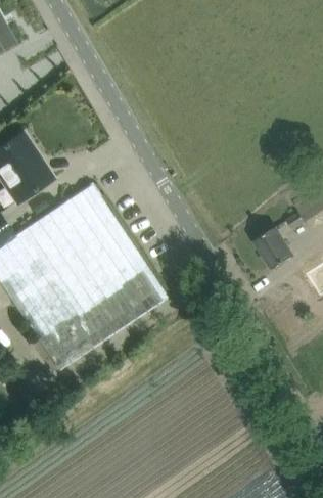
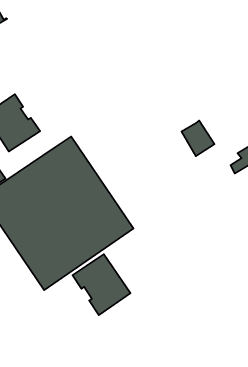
building: [256,227,295,270] -> [182,121,214,156]
building: none -> [72,254,130,315]

